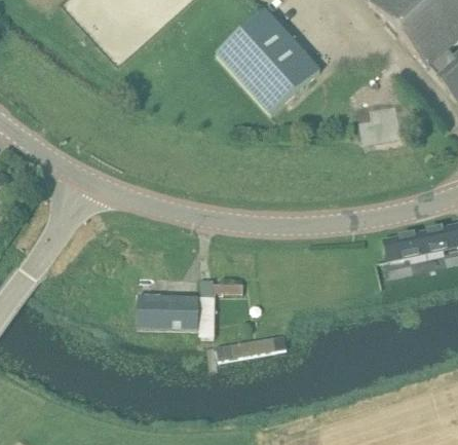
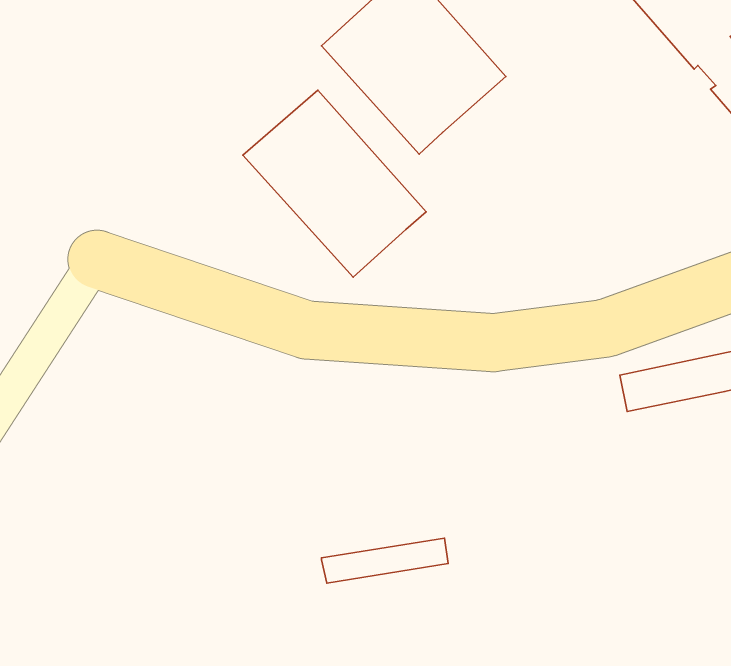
building: none -> [243,90,426,277]
building: [137,277,243,336] -> none

